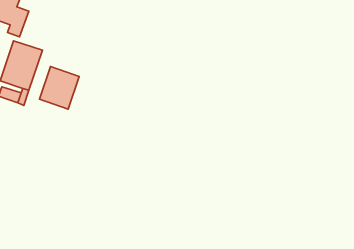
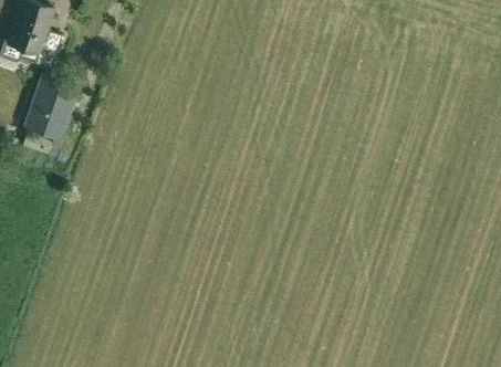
building: [39,66,79,109] -> none

